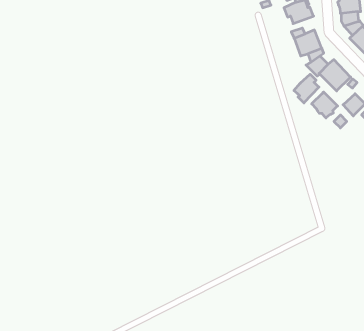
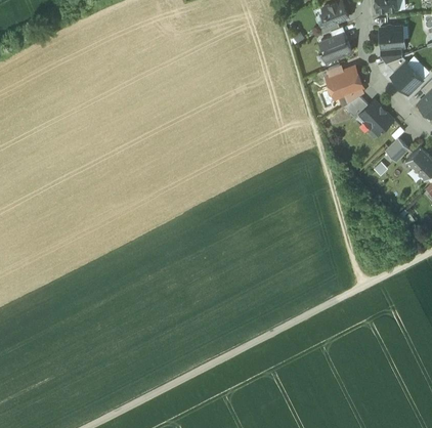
building: [294,74,319,103] -> none
building: [312,92,338,118] -> none

